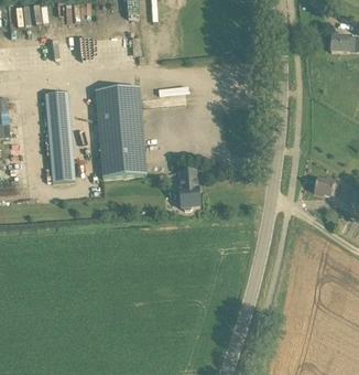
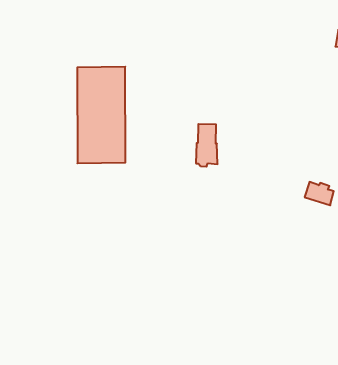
building: [44,92,74,182] -> none
building: [178,169,199,208] -> [196,124,218,167]

